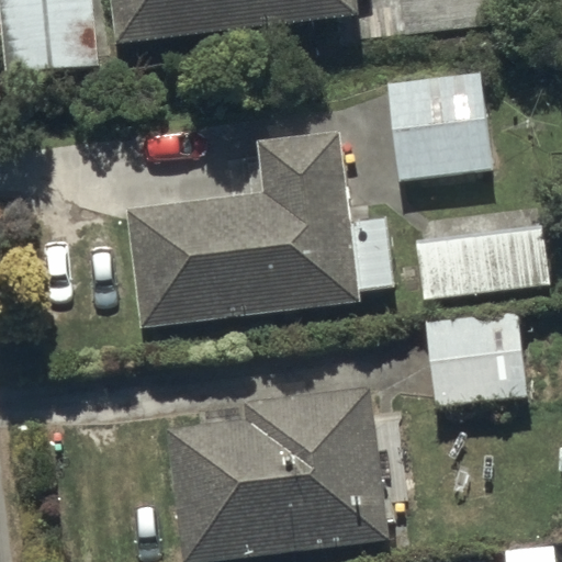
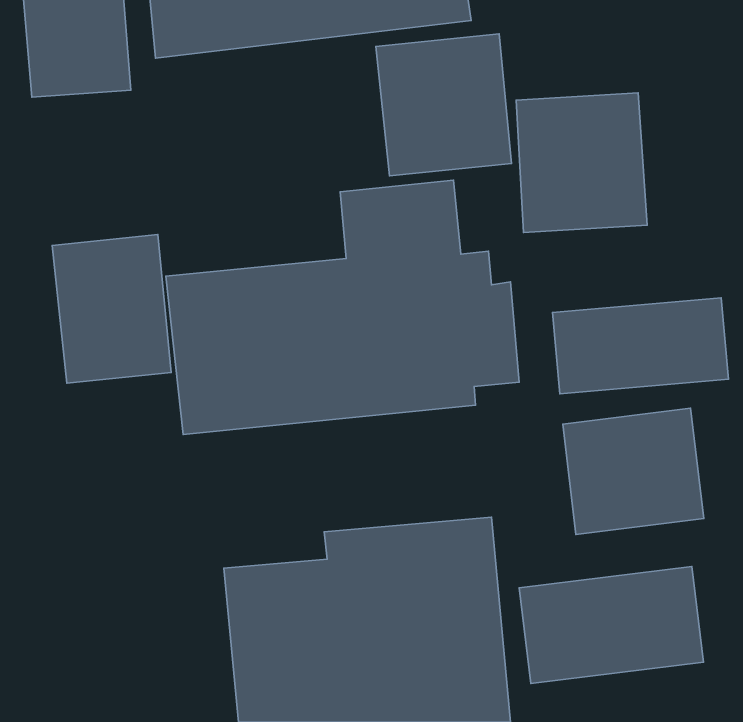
building: none -> [376,34,512,176]
building: none -> [52,235,171,383]
building: none -> [519,566,704,684]

